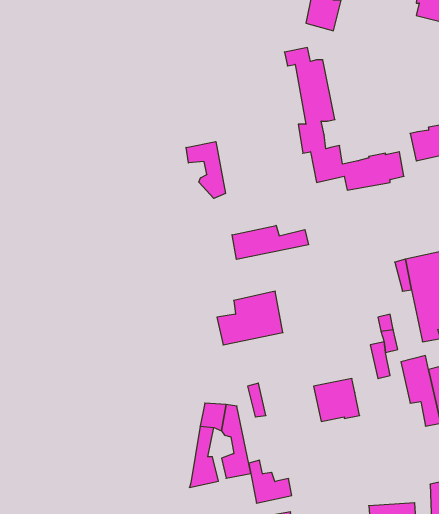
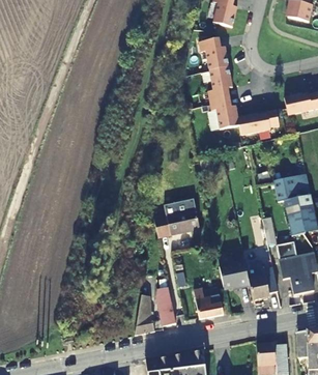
building: [186,142,226,198] -> none
building: [232,225,308,259] -> none
building: none -> [247,268,277,302]
building: [249,460,292,503] -> [196,291,225,320]

